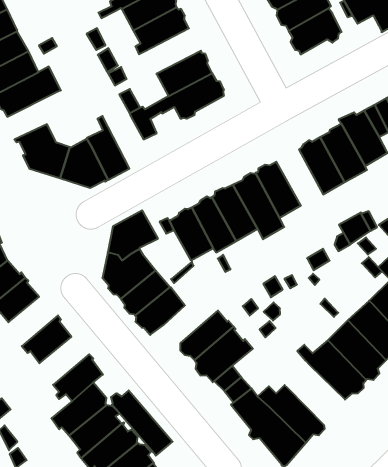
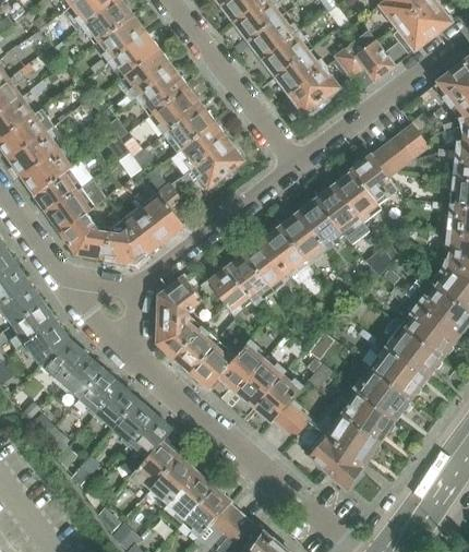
building: none -> [163,105,214,151]
building: none -> [48,181,94,230]
building: none -> [134,192,184,240]
building: none -> [298,199,345,249]
building: none -> [219,339,266,391]
building: none -> [77,369,122,416]
building: none -> [112,400,156,446]
building: none -> [330,388,395,444]
building: [111,390,173,456] -> none

